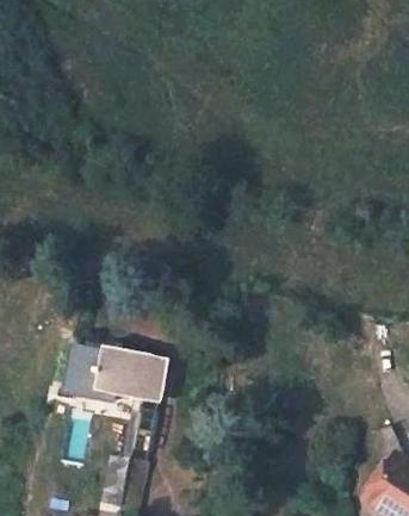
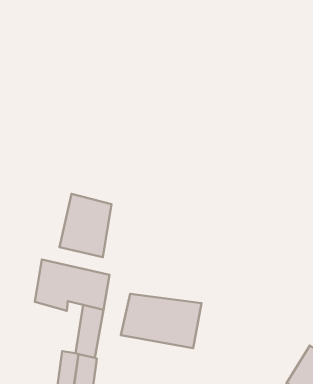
building: none -> [59,194,112,257]
building: none -> [121,294,201,348]

